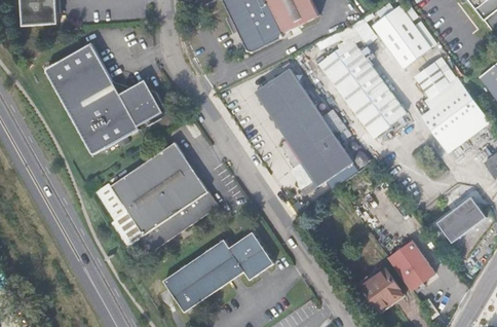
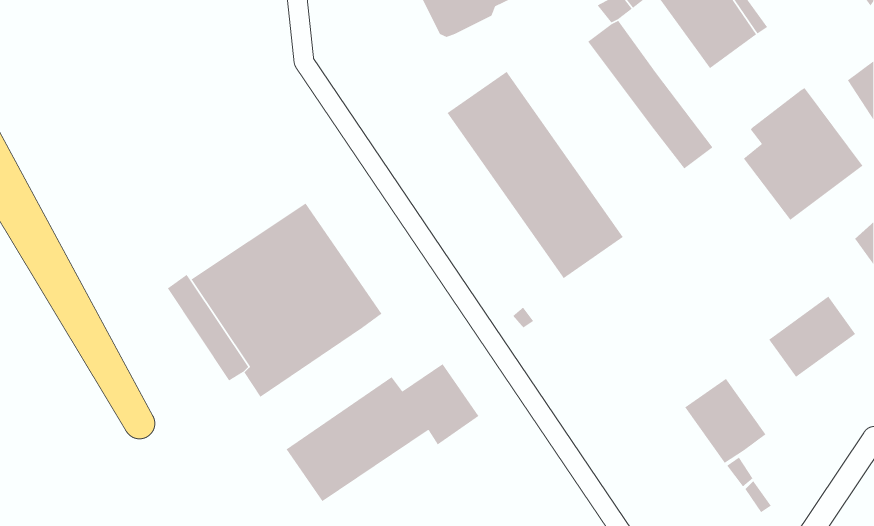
building: [46,43,162,152] -> none
building: [316,51,387,136] -> none
building: [412,58,453,99] -> none
building: [359,268,403,308] -> none

